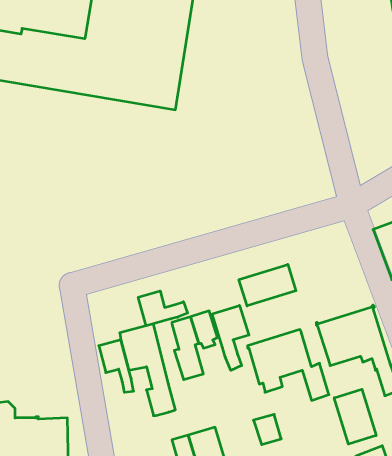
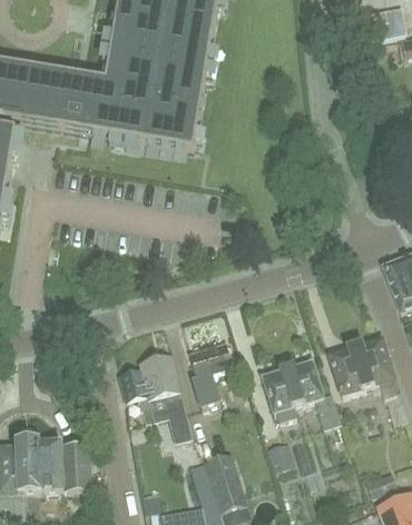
building: [239,264,296,306] -> none
building: [138,291,188,326] -> none
building: [212,305,249,370] -> none
building: [334,389,376,444] -> none

